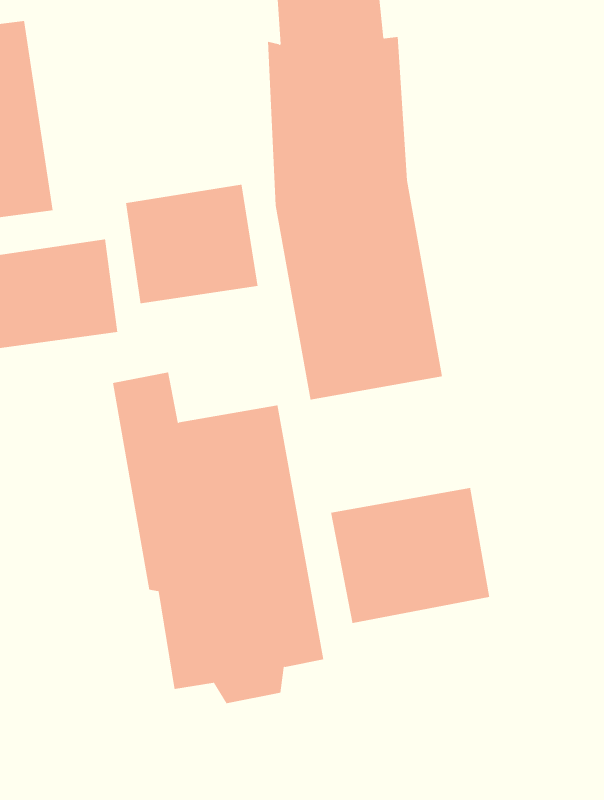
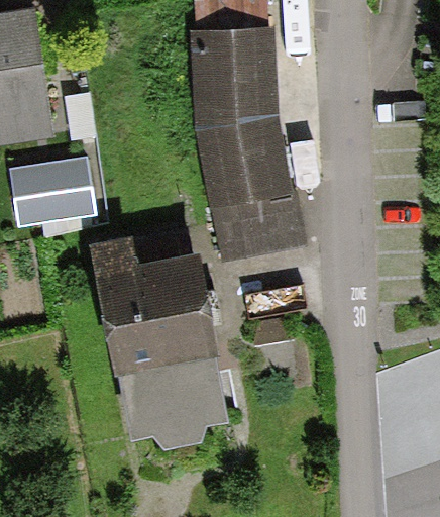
building: [126,184,258,304] -> none
building: [331,487,490,624] -> none

